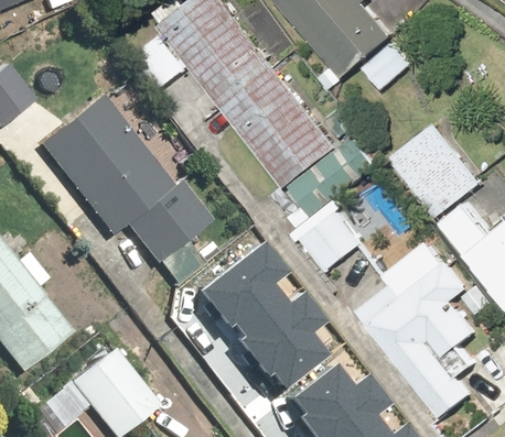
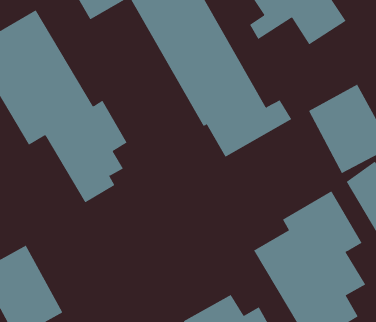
building: [299,212,359,271] -> none
building: [205,241,332,387] -> none

